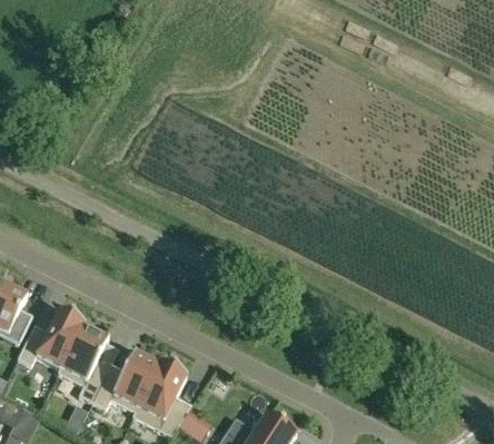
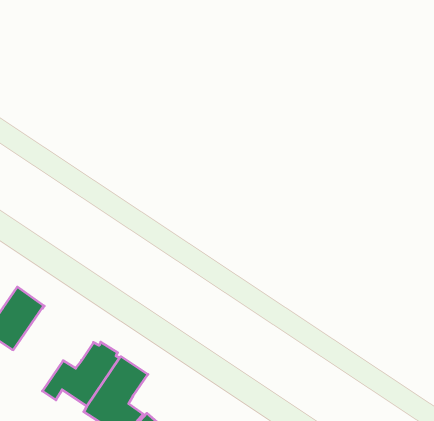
building: [58,324,108,402] -> none

